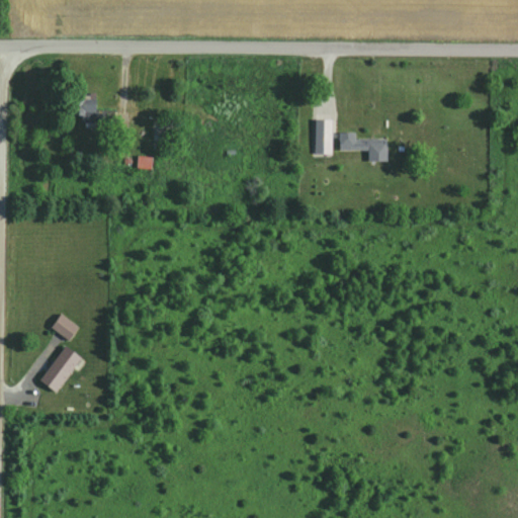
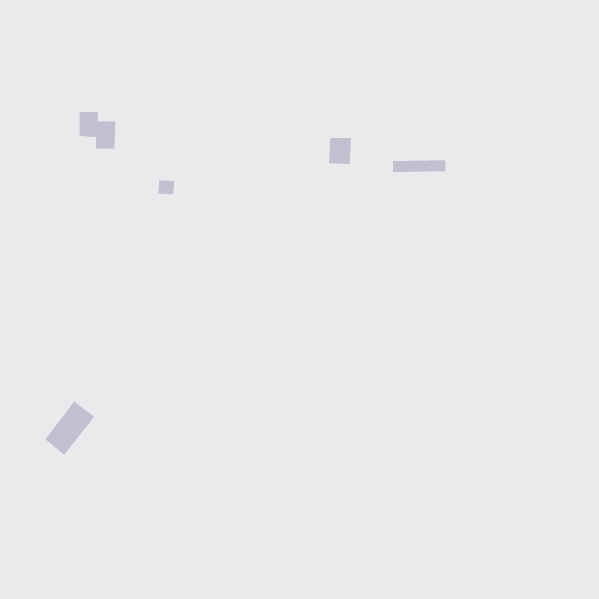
building: [314,133,334,156] -> [328,138,352,165]
building: [51,314,78,340] -> none

